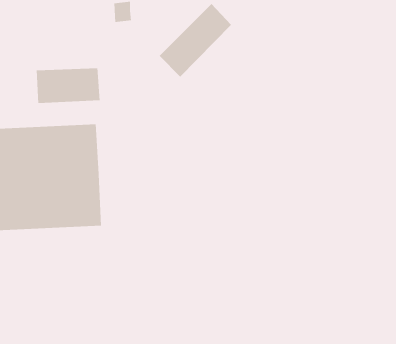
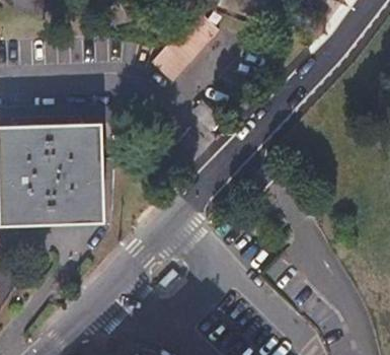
building: [36,68,100,104] -> none

